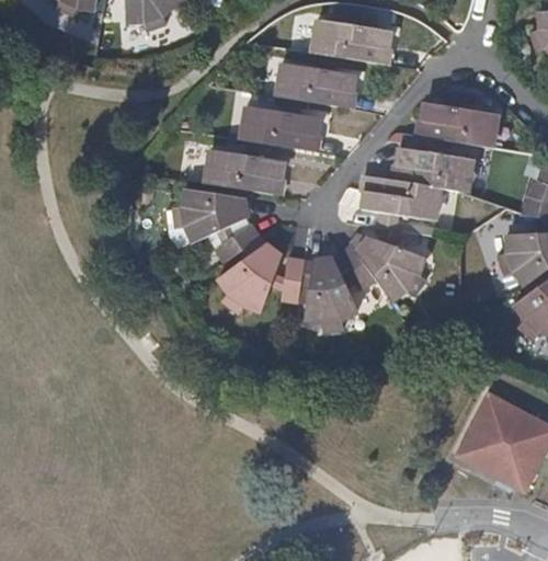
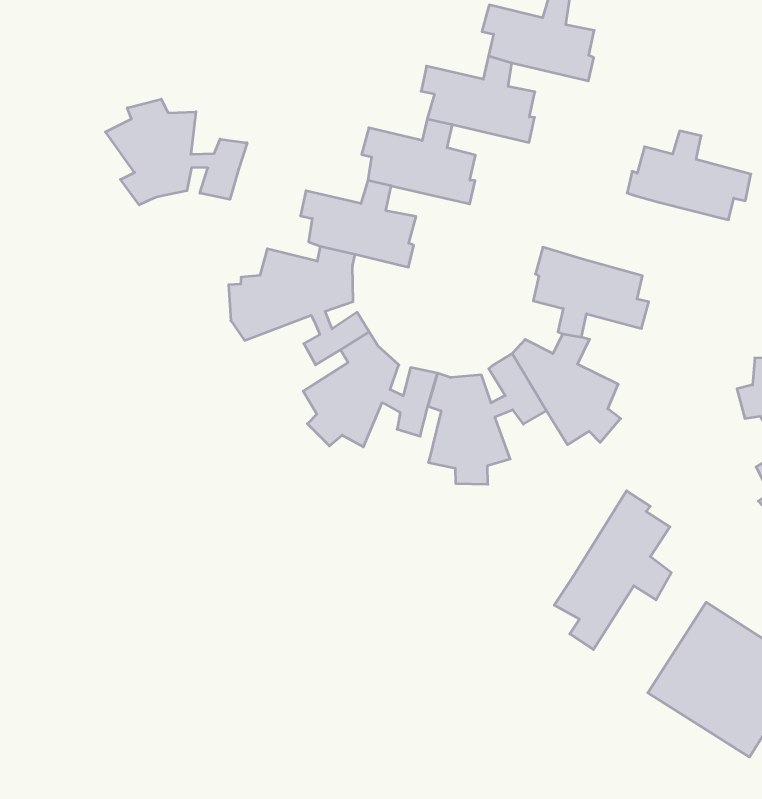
building: none -> [105,99,247,205]
building: [392,135,472,191] -> none
building: none -> [554,491,671,650]

